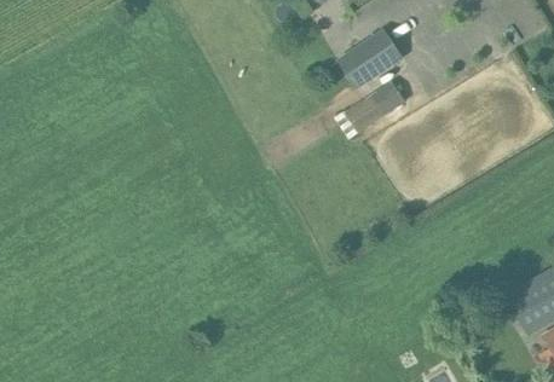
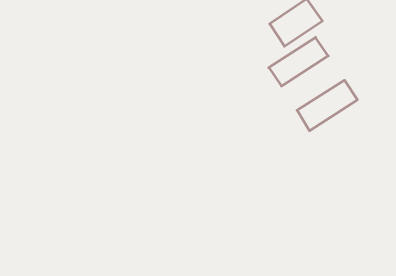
building: none -> [297,80,357,131]

